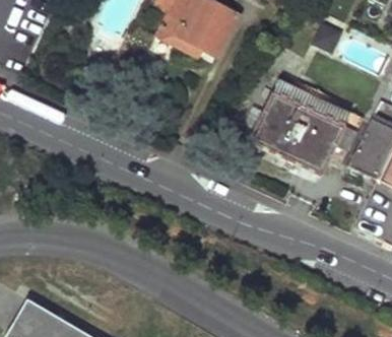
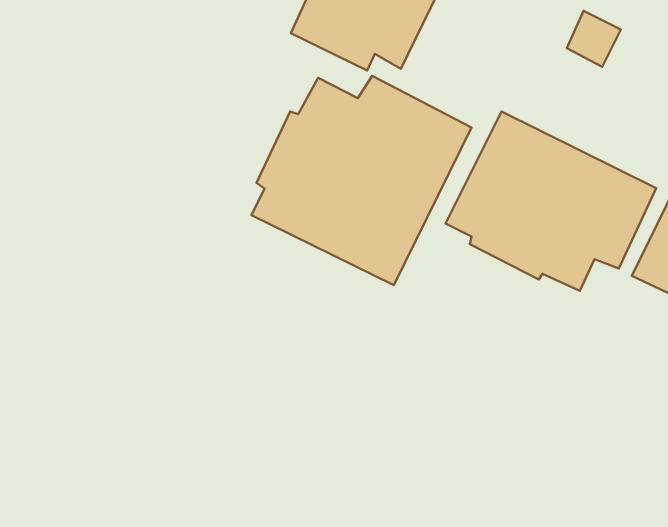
building: none -> [251,76,472,285]

